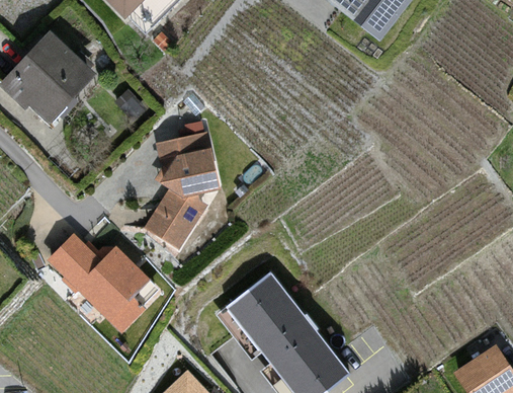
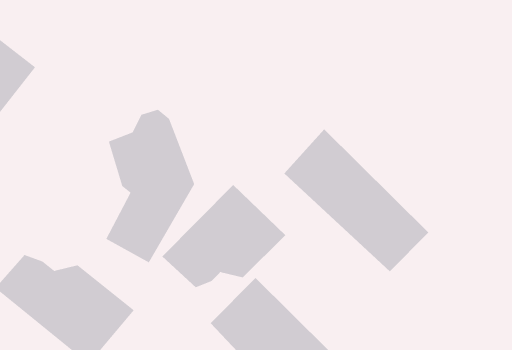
building: none -> [283,129,429,272]
building: none -> [161,184,286,288]

